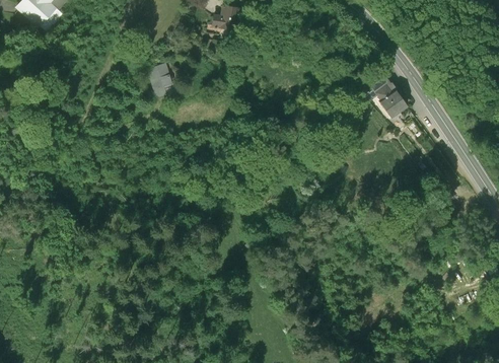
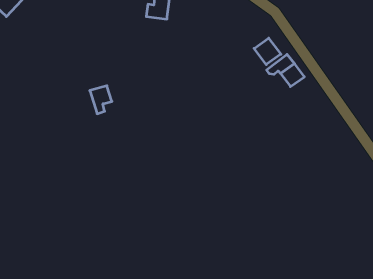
building: none -> [254,38,281,65]
building: [148,64,175,98] -> [90,86,112,114]

